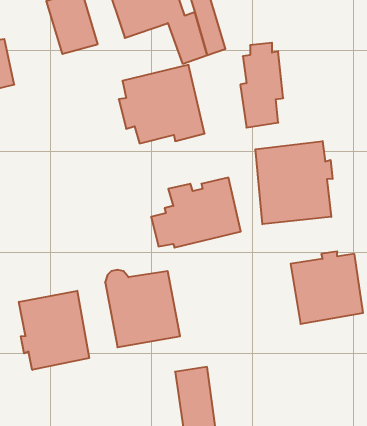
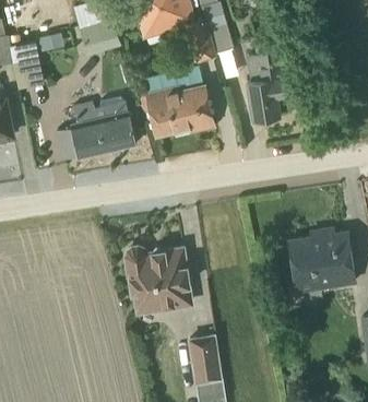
building: [255,141,333,224] -> none
building: [151,178,241,248] -> [57,97,136,159]
building: [19,291,89,370] -> none

